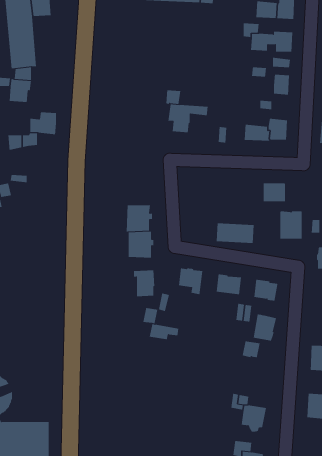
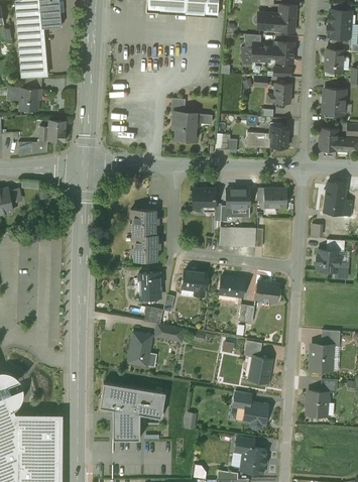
building: none -> [193,189,215,209]
building: [280,210,303,239] -> [227,189,249,217]
building: [253,314,277,341] -> [249,356,272,382]
building: none -> [128,333,151,366]
building: none -> [100,382,164,440]

